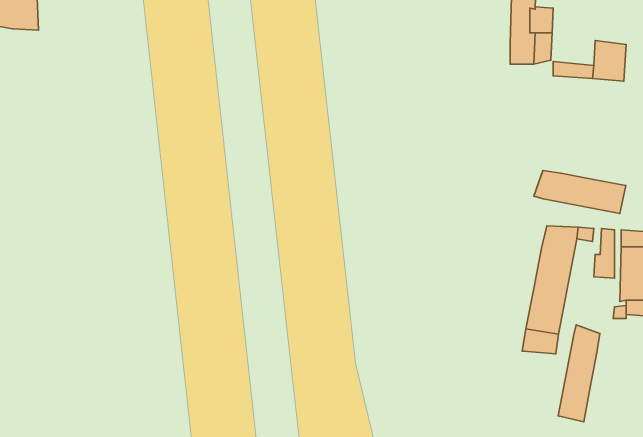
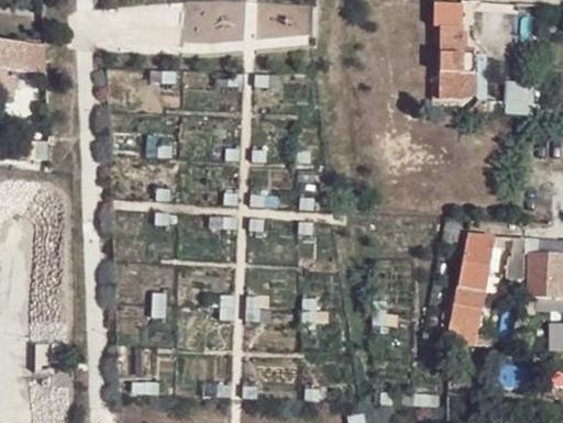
building: [534,171,626,214] -> none
building: [558,325,600,422] -> none

